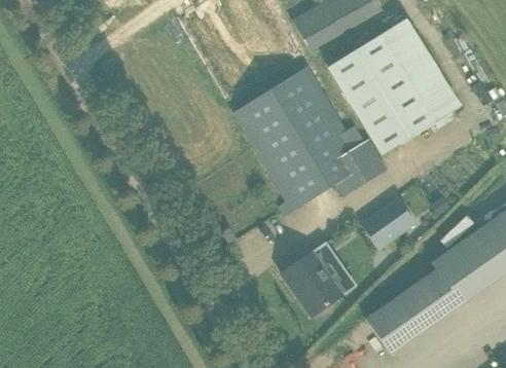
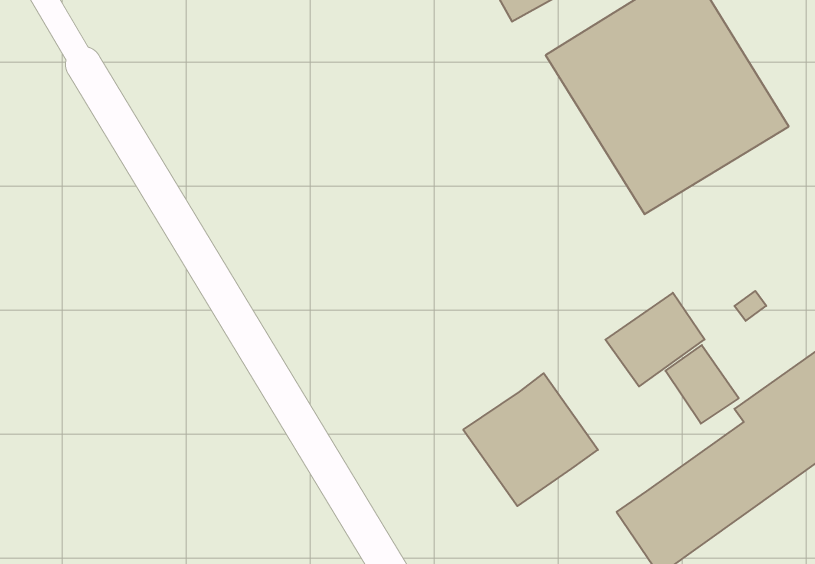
building: [240,75,388,215] -> none
building: none -> [665,345,739,424]

